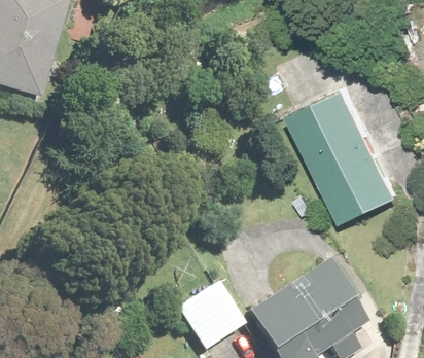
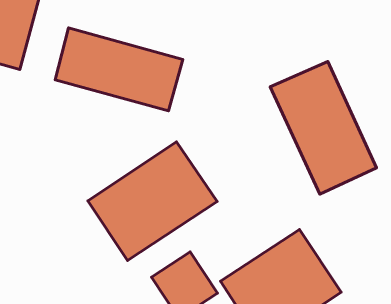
building: none -> [55,28,183,111]
building: none -> [88,142,217,261]

